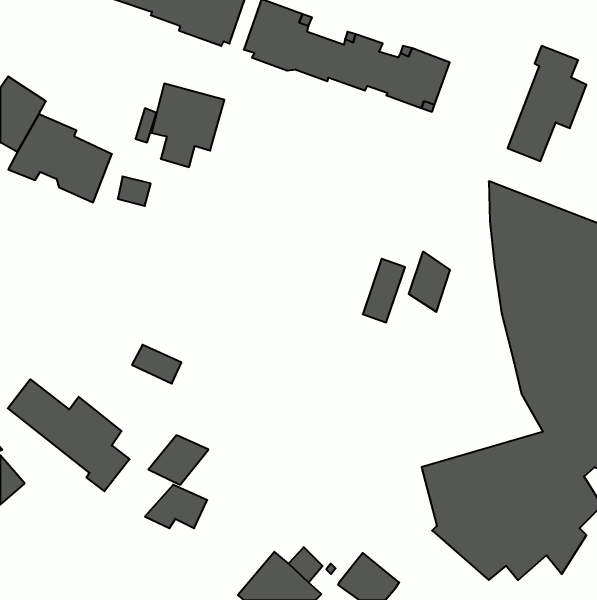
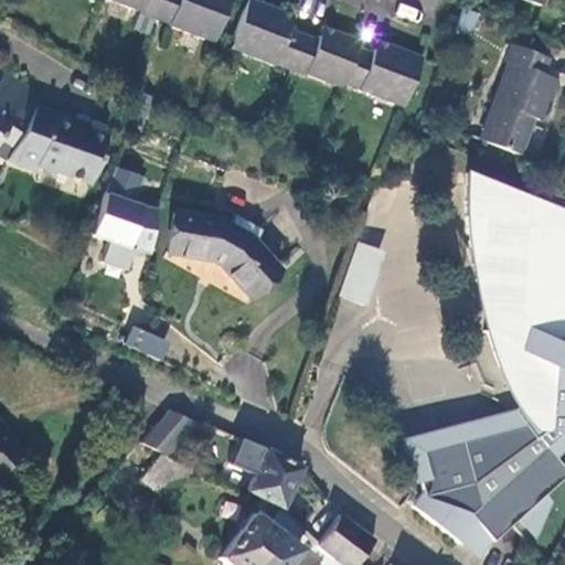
building: [151,84,224,167] -> [98,191,167,269]
building: none -> [172,211,284,296]
building: [409,252,450,312] -> none
building: [8,379,130,491] -> none
building: none -> [236,439,305,509]

